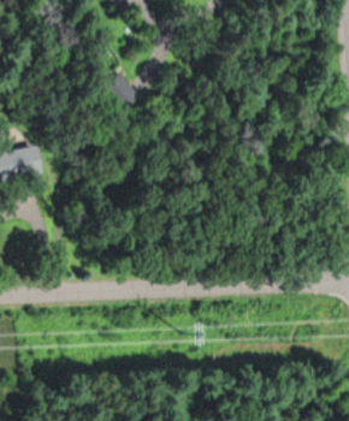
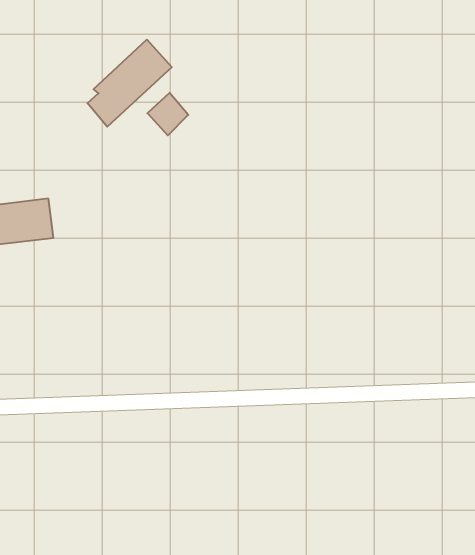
building: none -> [87,40,172,127]

